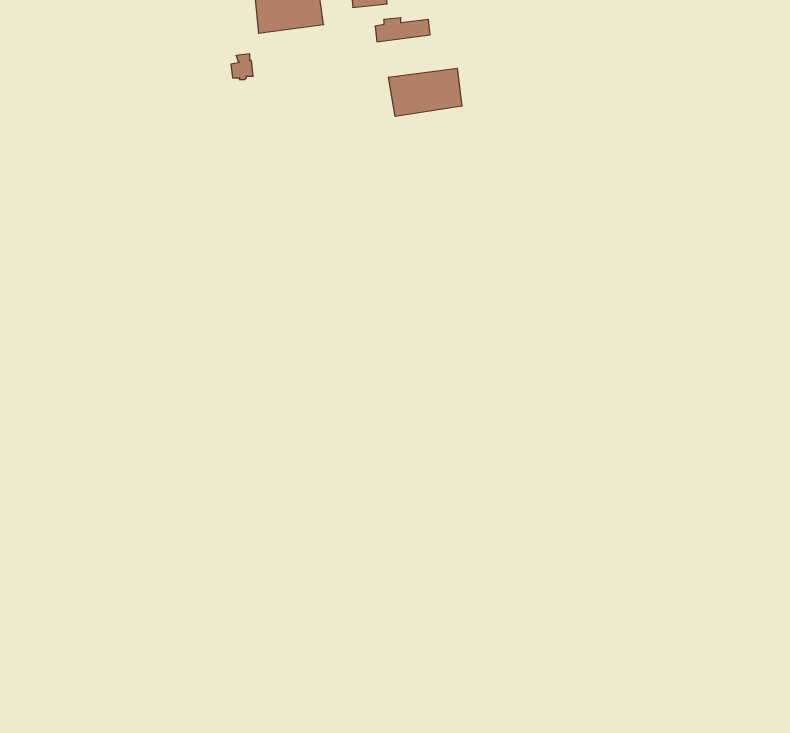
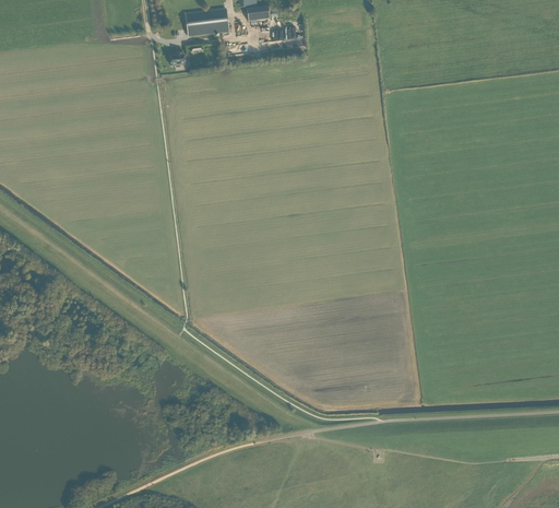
building: [389,68,462,116] -> none

